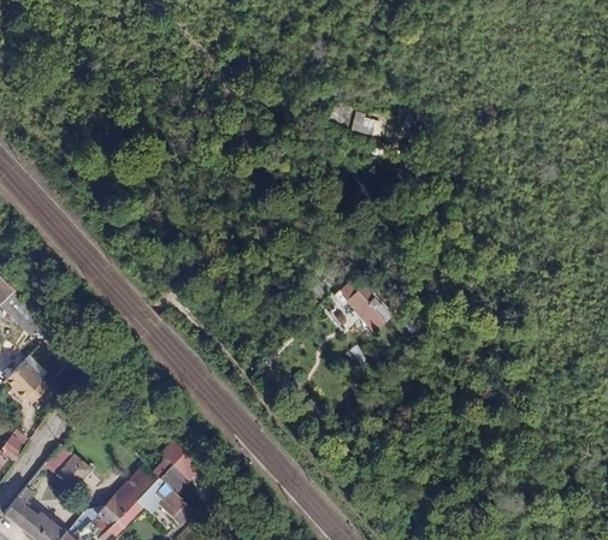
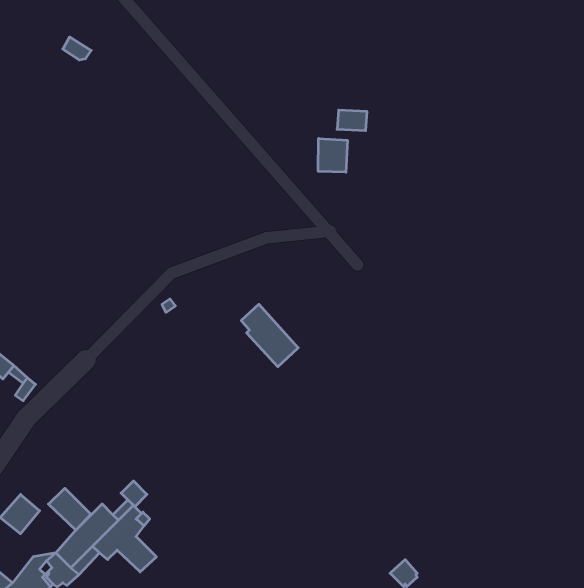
building: none -> [318,138,347,172]
building: [340,273,390,328] -> [241,304,298,367]
building: none -> [48,488,91,530]

